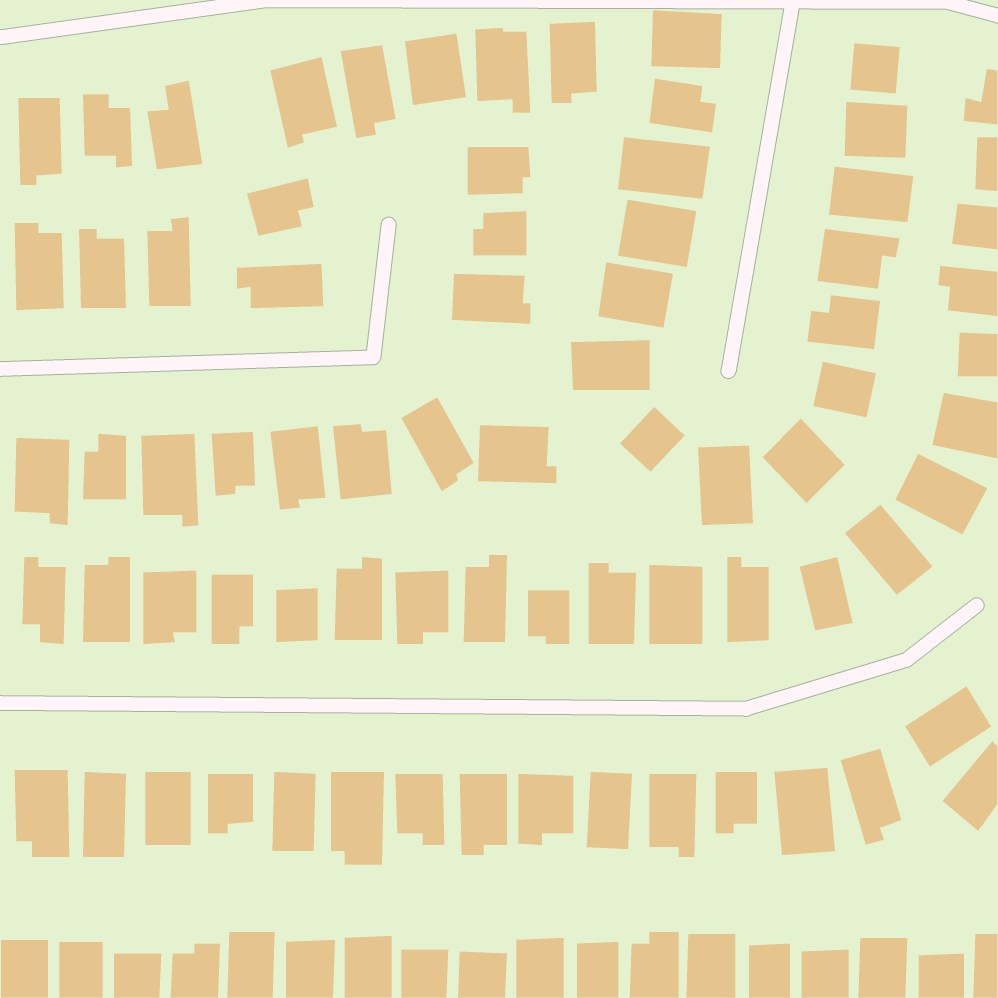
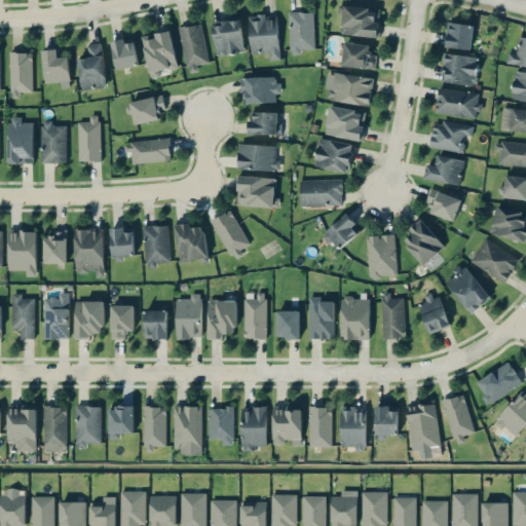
building: none -> [111,37,139,69]
building: [477,425,557,483] -> [237,176,279,206]

